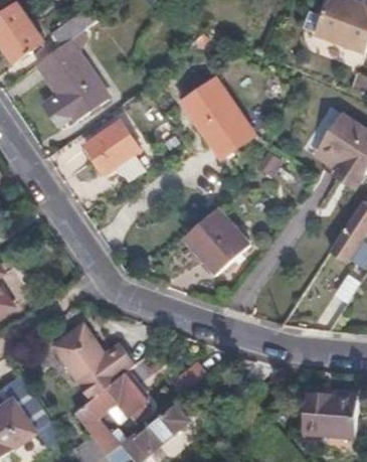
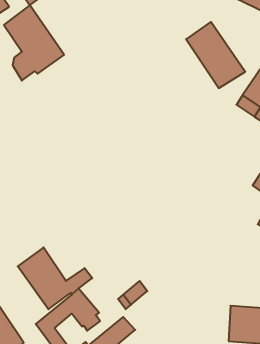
building: [183,79,252,156] -> [186,22,245,88]
building: [85,122,145,180] -> none
building: [182,204,247,271] -> none

